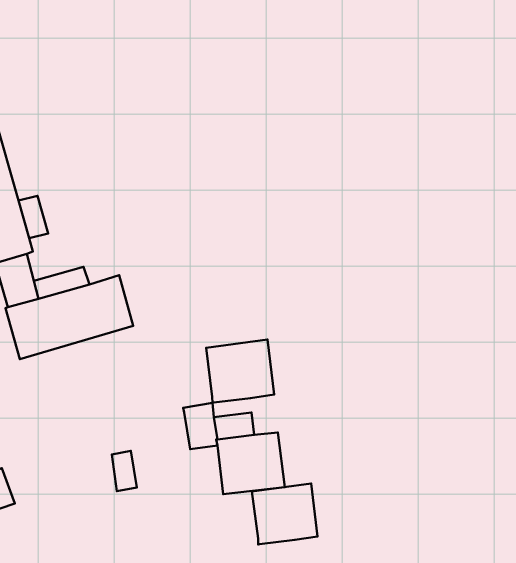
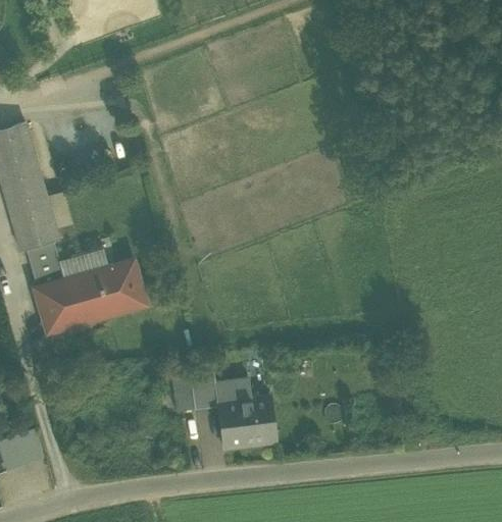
building: [206,340,274,403] -> none
building: [112,451,137,491] -> [173,378,195,413]
building: [252,483,317,544] -> none

